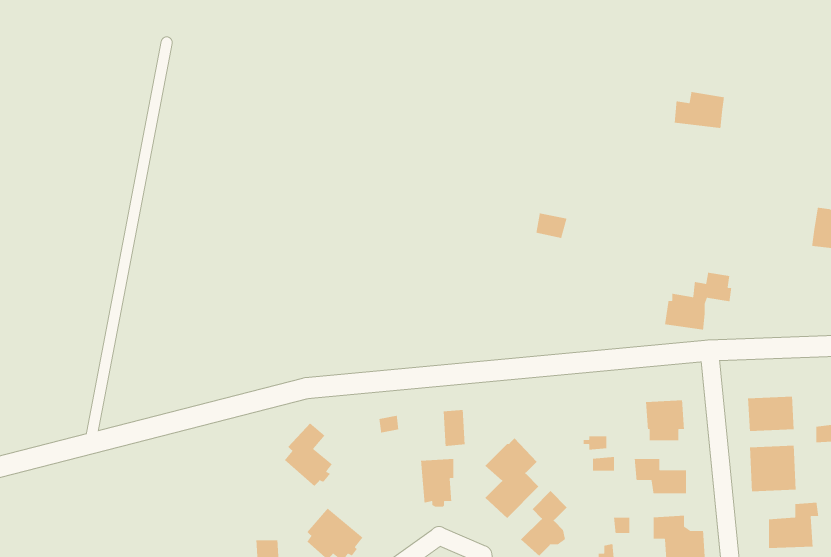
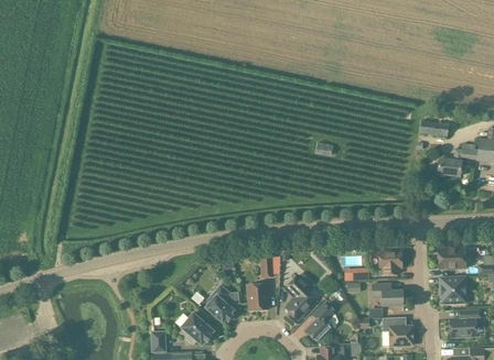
building: [674,91,725,129] -> [420,114,450,137]
building: [664,272,732,330] -> [438,142,477,176]
building: [284,422,333,487] -> [206,285,235,323]

